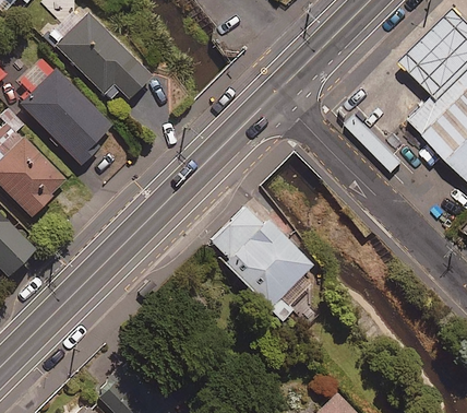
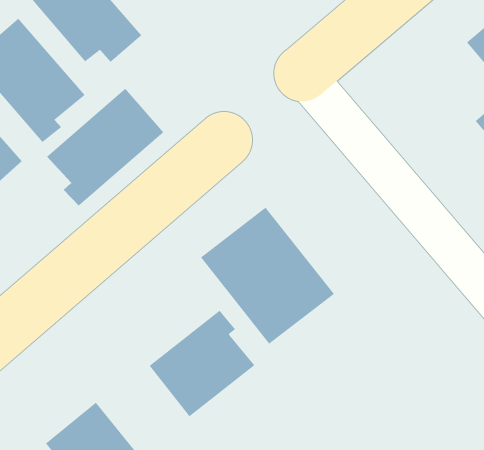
building: none -> [46,88,164,206]
building: none -> [149,310,255,417]

